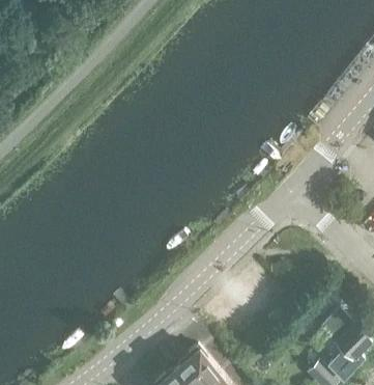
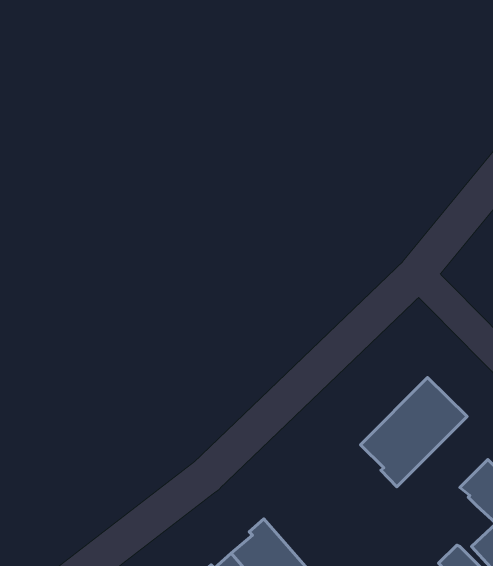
building: none -> [361,377,467,487]

